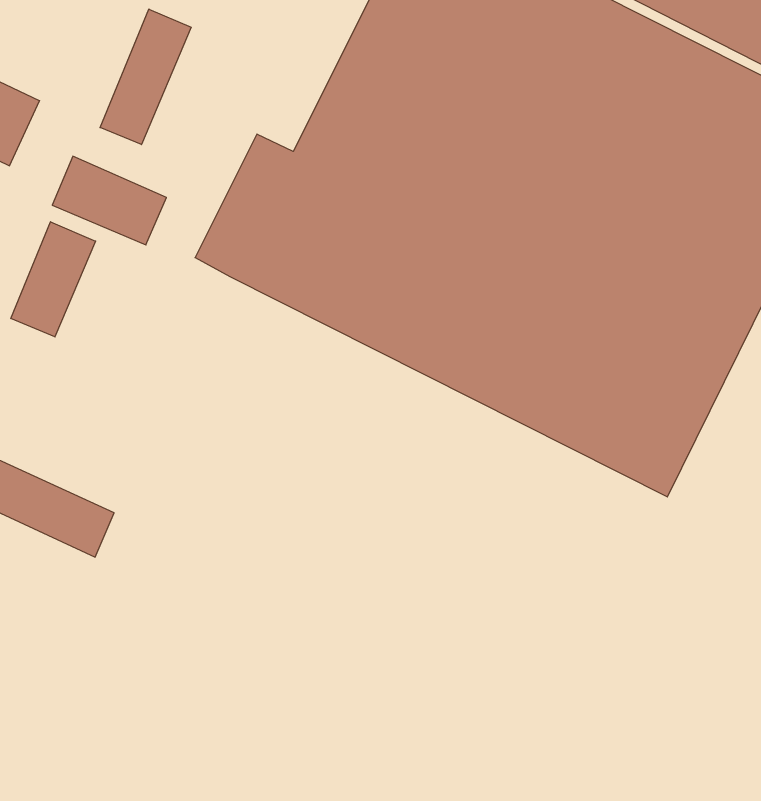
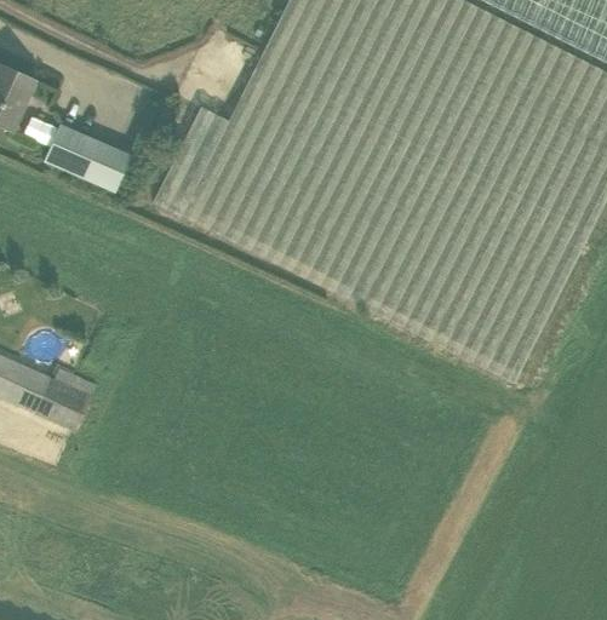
building: [100,9,191,145] -> none
building: [11,222,96,337] -> none

